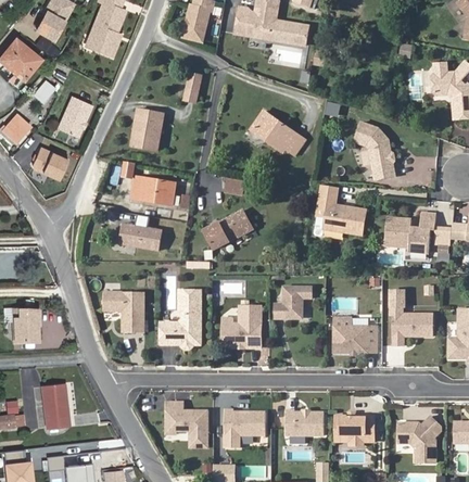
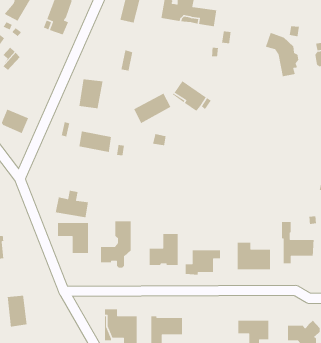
building: [58,96,93,138] -> none
building: [352,122,395,179] -> [265,32,299,77]
building: [312,186,364,236] -> none
building: [204,211,253,251] -> [133,93,172,124]
building: [380,212,435,253] -> none
building: [119,214,163,250] -> [55,190,89,218]
building: [274,287,319,319] -> [185,250,221,275]
building: [284,410,324,435] -> none

